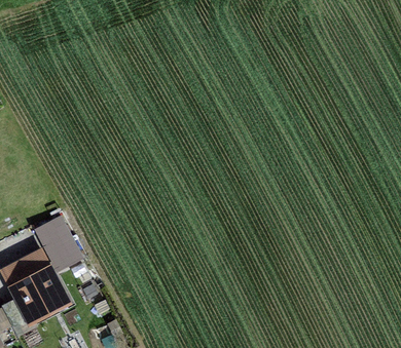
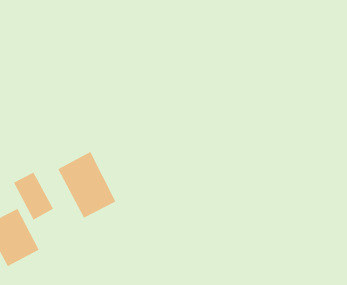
building: none -> [58,151,116,219]

